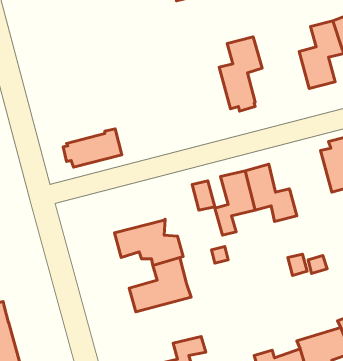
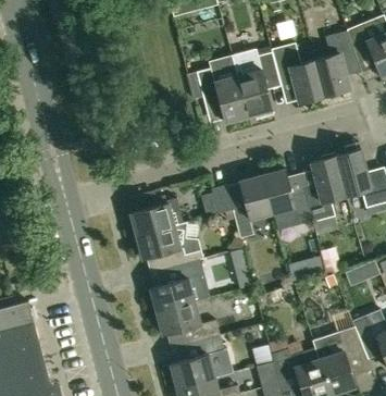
building: none -> [271,44,324,103]
building: none -> [196,66,248,123]
building: [63,129,122,167] -> [126,199,183,236]
building: none -> [306,157,346,223]
building: none -> [157,298,220,343]

